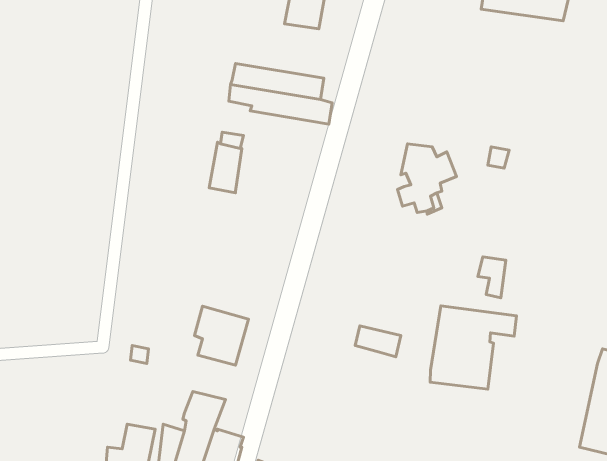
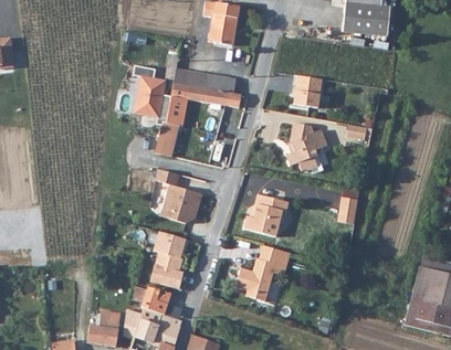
building: none -> [293,74,322,107]
building: none -> [135,76,166,117]
building: none -> [153,168,201,224]
building: none -> [244,192,290,235]
building: [430,306,517,389] -> none
building: none -> [235,257,274,299]
building: none -> [147,264,180,289]

